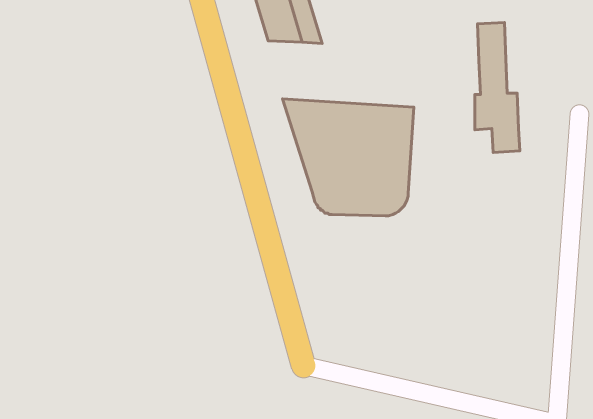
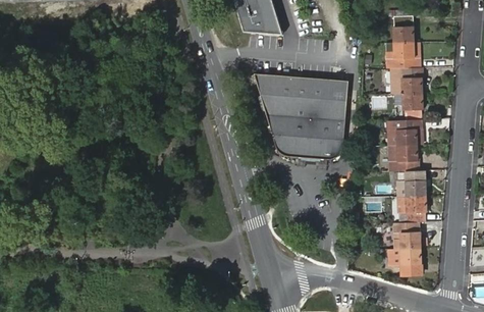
building: none -> [390,120,426,276]

